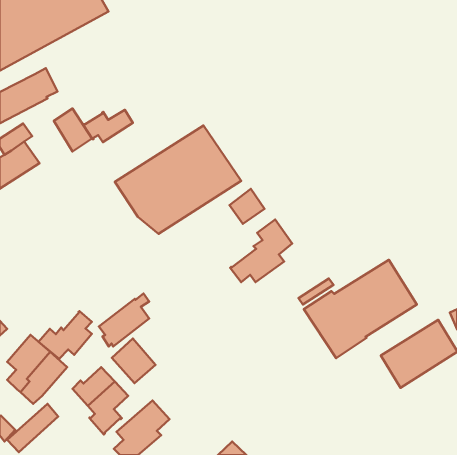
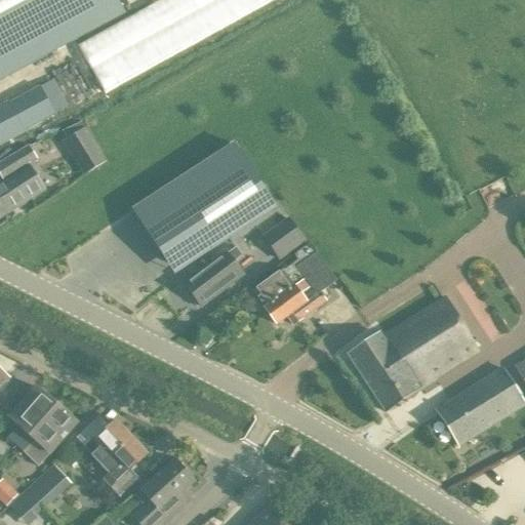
building: [83,110,133,142] -> none
building: none -> [253,243,315,307]
building: [99,294,149,346] -> [184,244,241,305]
building: [38,311,92,359] -> none
building: [112,338,155,383] -> none

